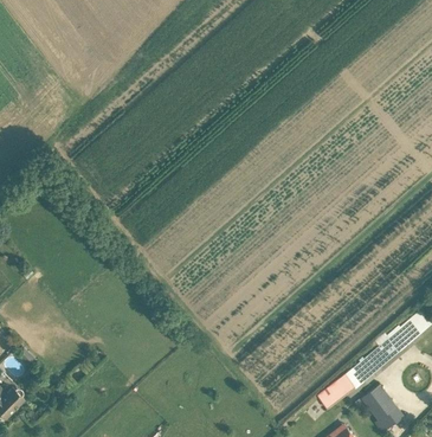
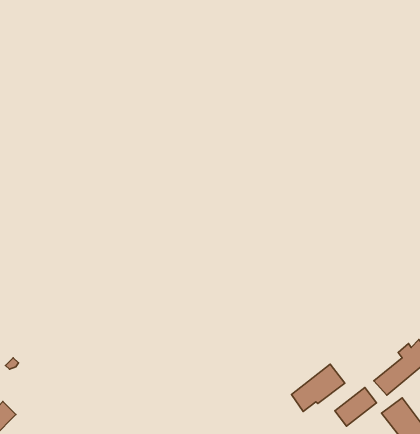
building: none -> [292,364,345,411]

